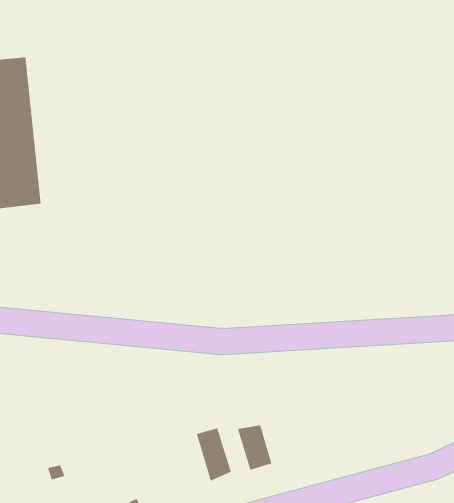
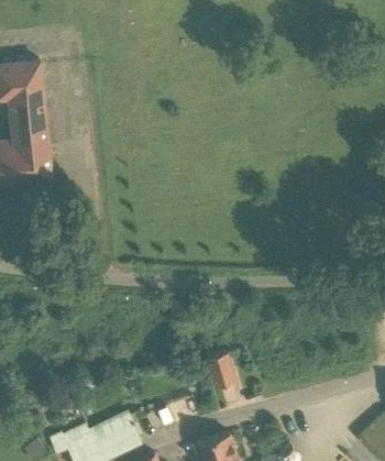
building: [196,427,231,482] -> none

